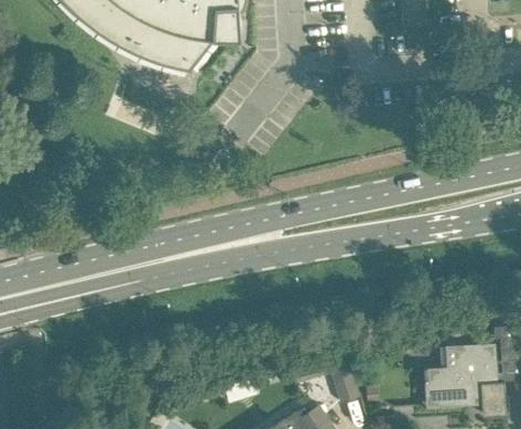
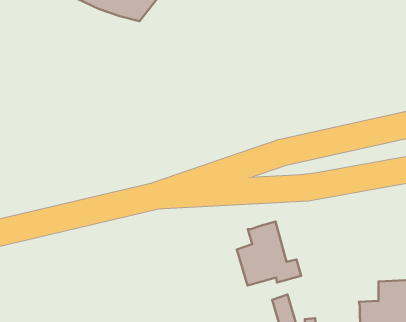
building: none -> [237,222,301,286]

